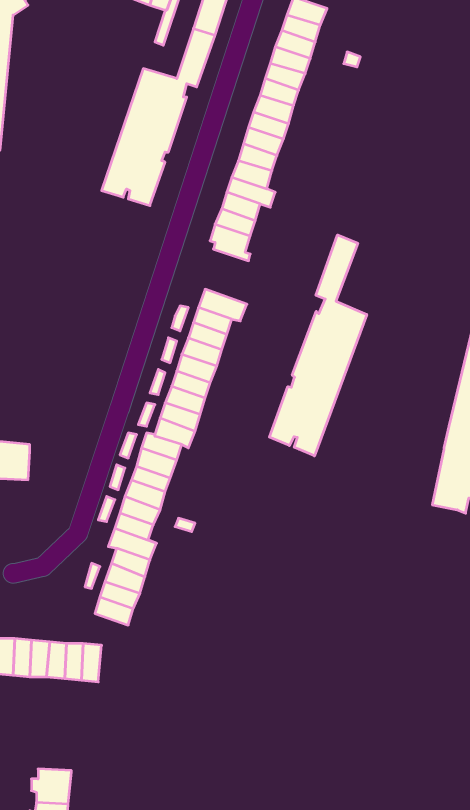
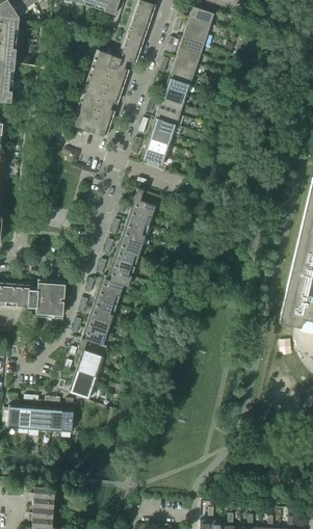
building: [269,235,367,456] -> none
building: none -> [27,283,63,316]

